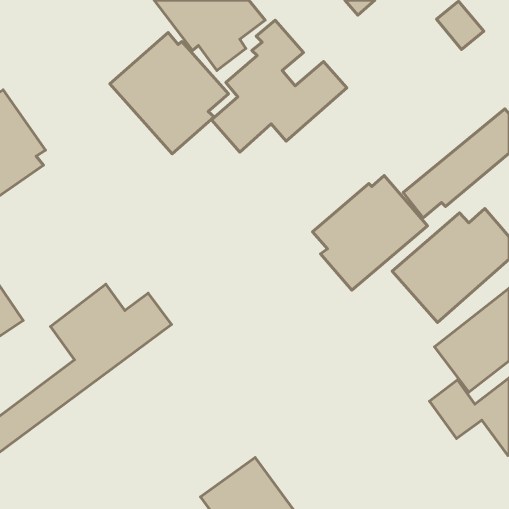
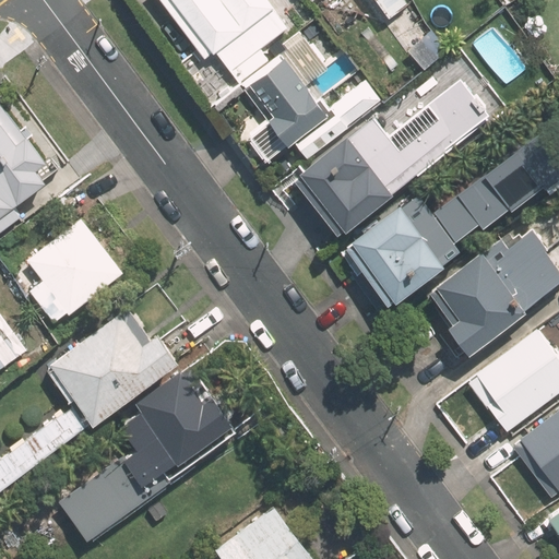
building: [110,32,228,154] -> none
building: none -> [271,53,499,237]
building: none -> [28,222,121,326]
building: none -> [62,361,238,542]

